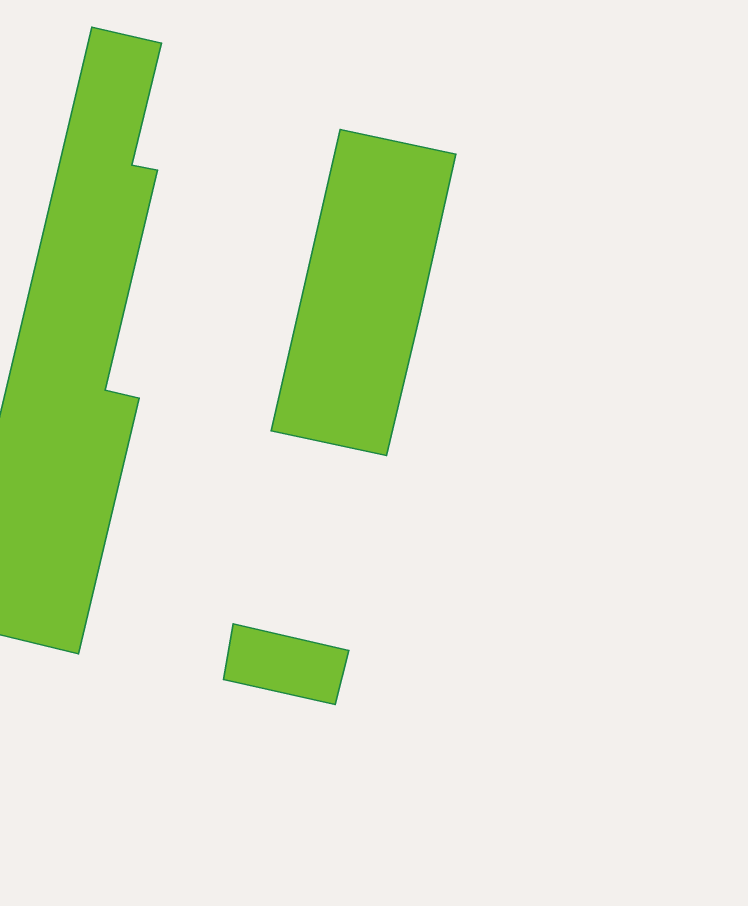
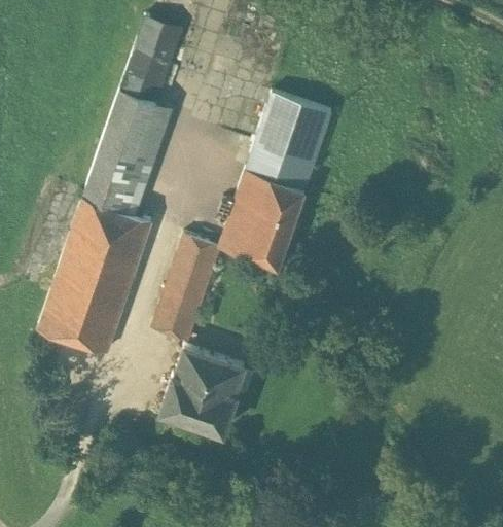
building: none -> [150,236,217,341]
building: none -> [163,376,236,435]

